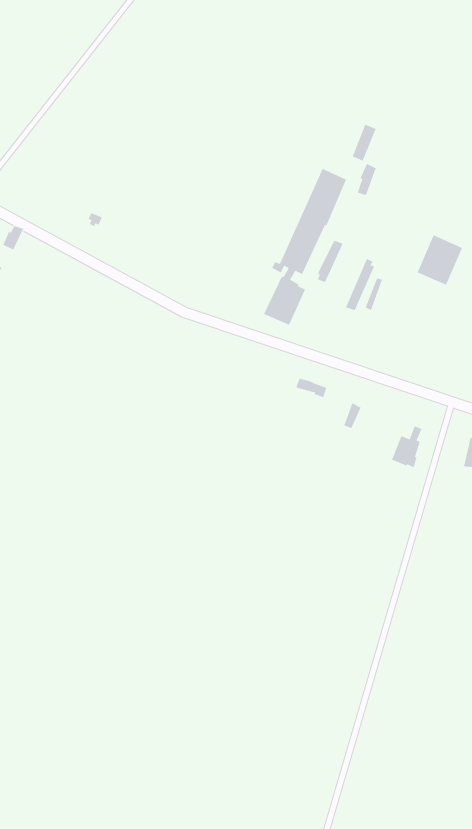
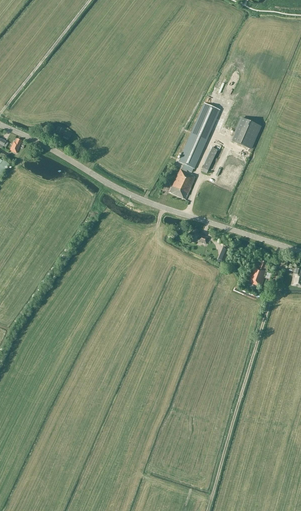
building: [417,235,463,285] -> [232,117,260,148]

